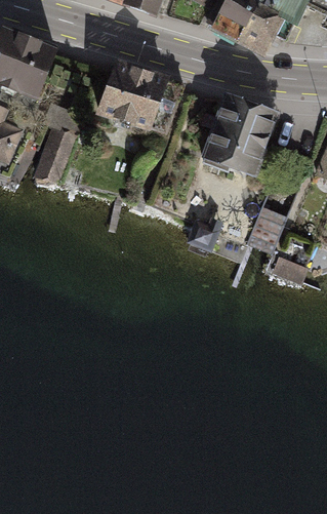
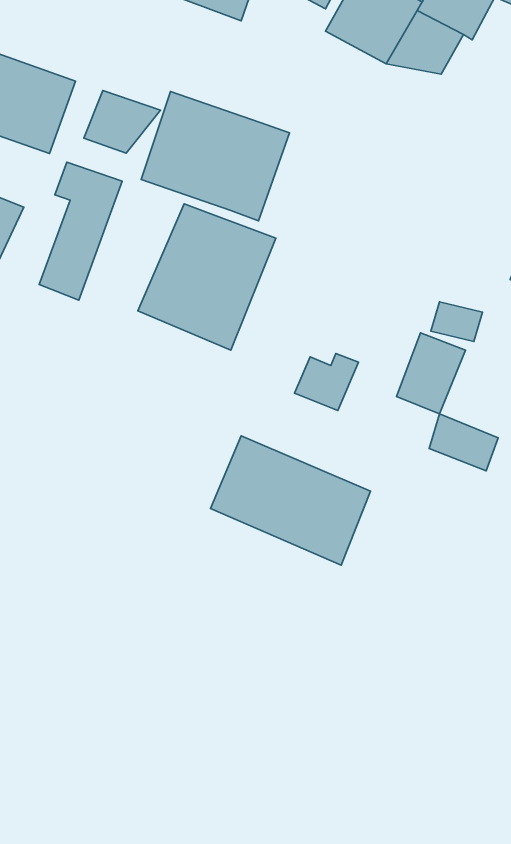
building: none -> [84,91,160,153]
building: [199,92,281,180] -> [138,204,276,350]
building: none -> [210,436,370,565]

